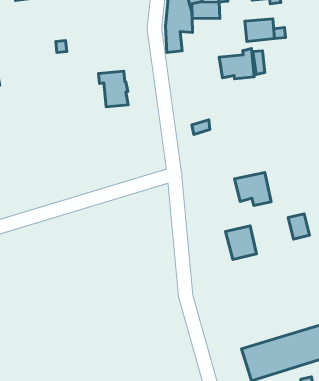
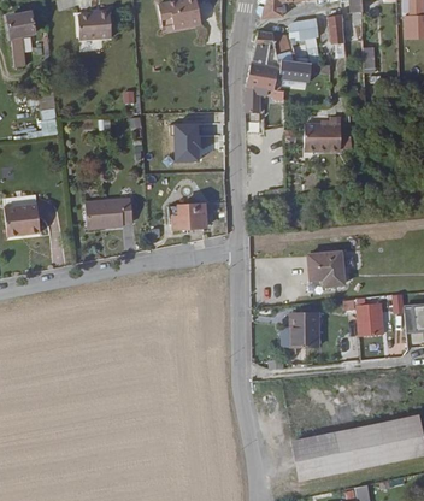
building: [245,19,275,42] -> none
building: none -> [171,207,207,240]
building: none -> [84,201,131,231]

